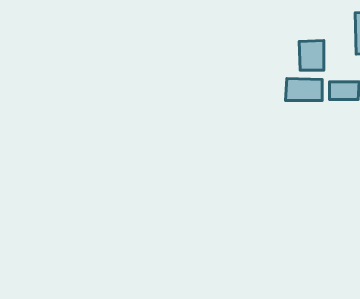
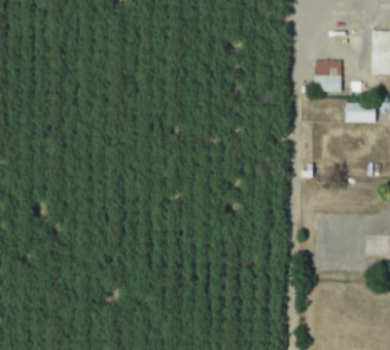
building: [286,79,322,100] -> none

